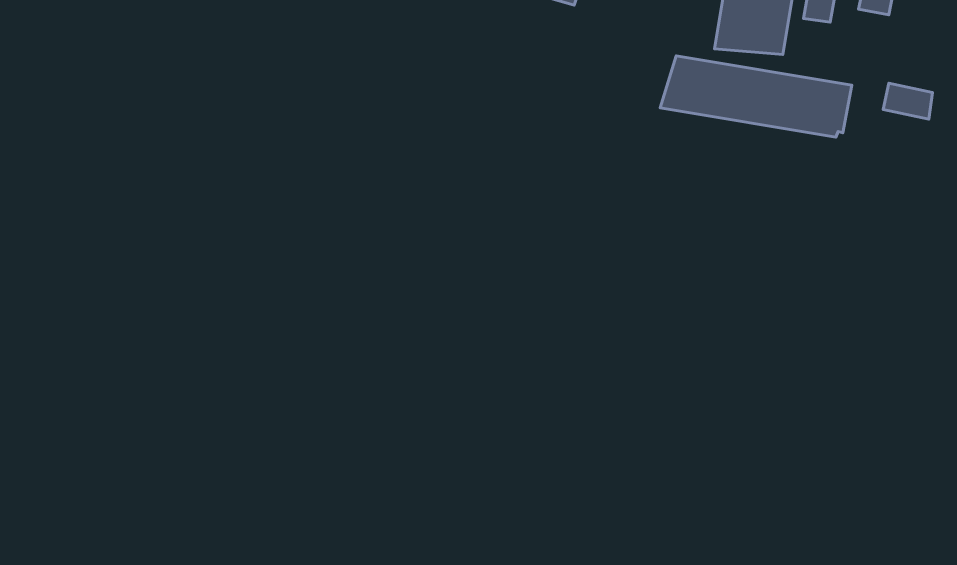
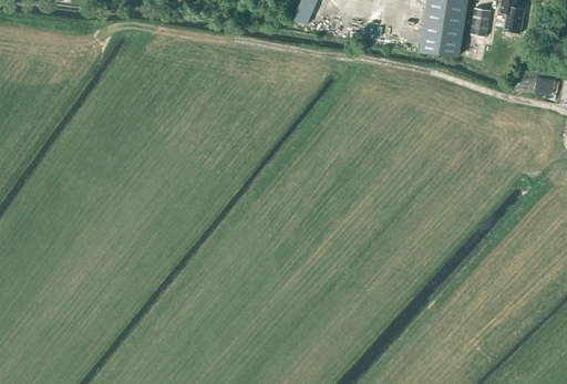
building: [660,56,852,137] -> none

